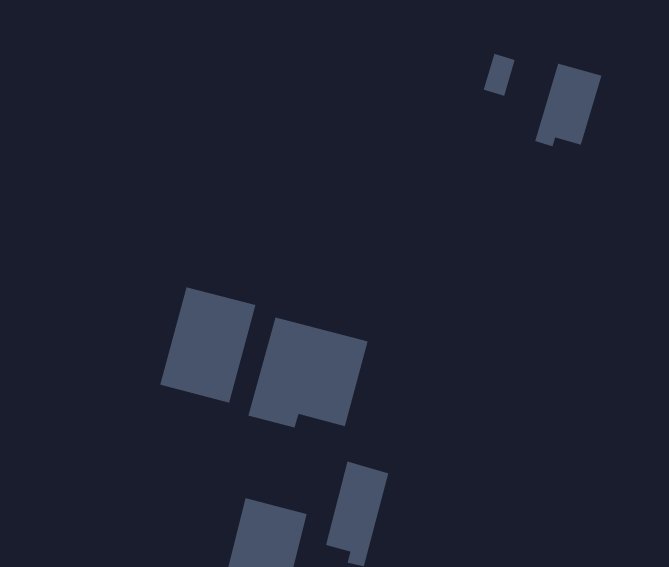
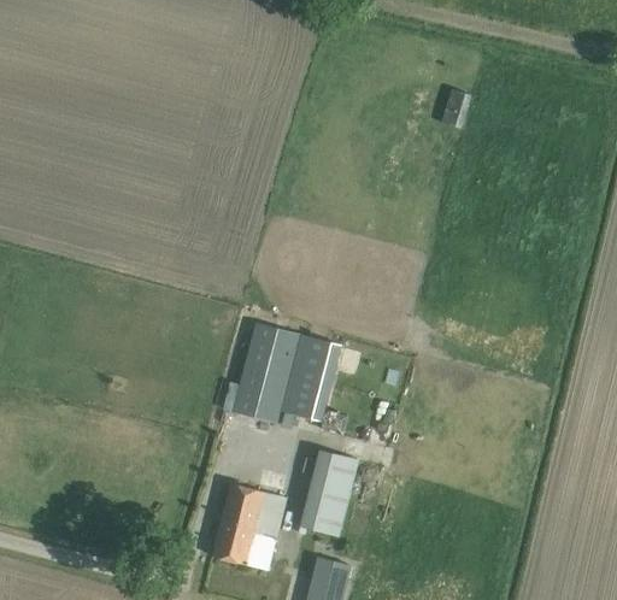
building: [535,63,602,147] -> none
building: [160,287,256,403] -> none

